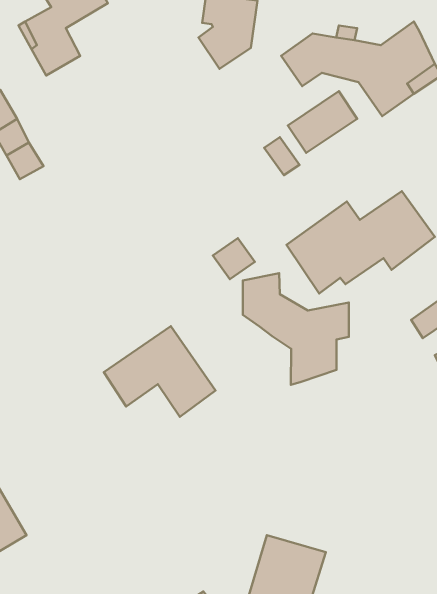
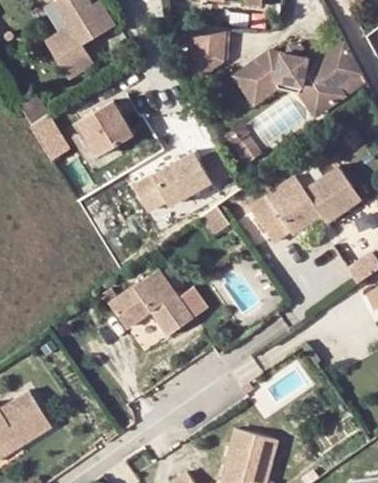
building: none -> [233,66,323,116]
building: none -> [80,95,133,149]
building: none -> [133,146,231,207]
building: [243,273,349,385] -> none

